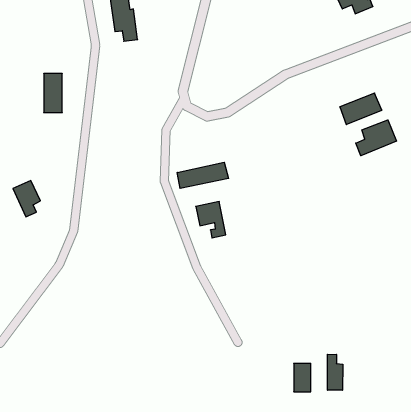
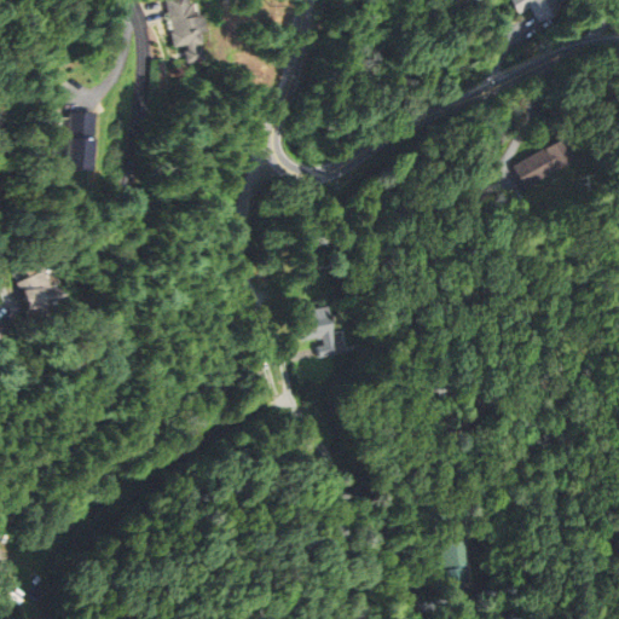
building: [356,120,397,156] -> none
building: [177,162,229,188] -> none
building: [328,354,343,390] -> none

